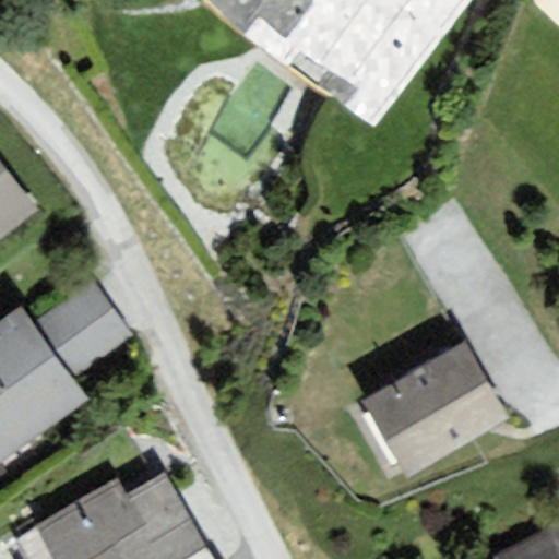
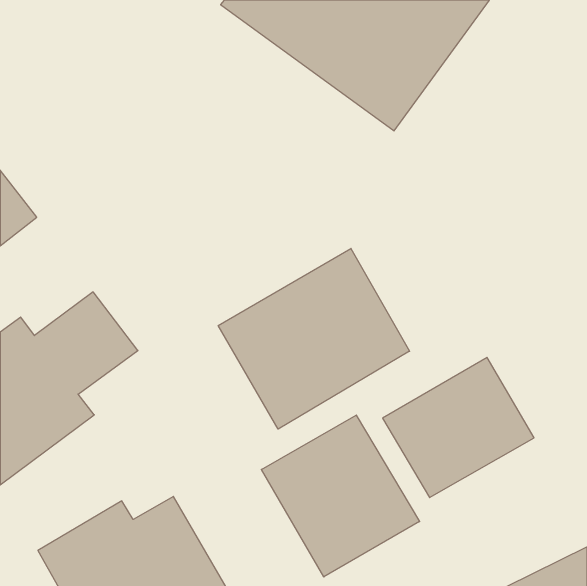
building: none -> [218,248,410,429]
building: none -> [261,415,420,577]

